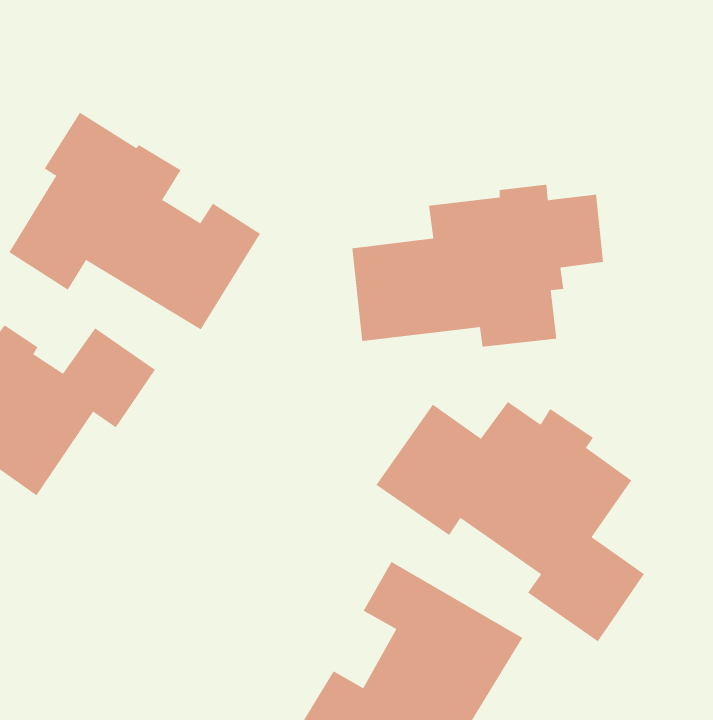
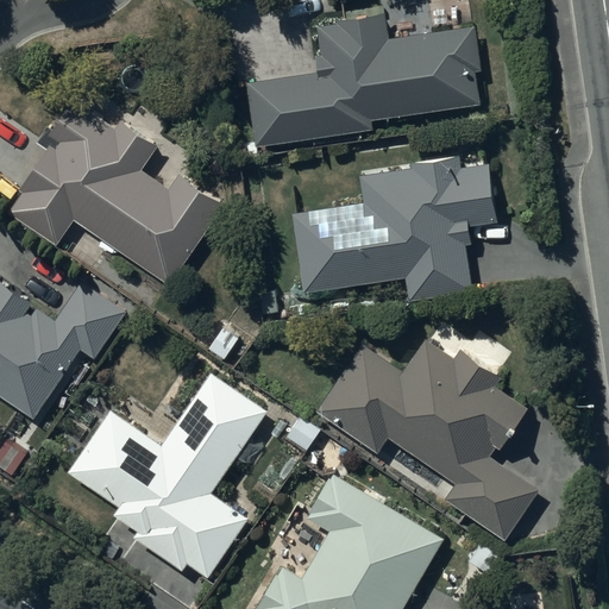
building: none -> [249,14,482,144]
building: none -> [67,370,268,579]

